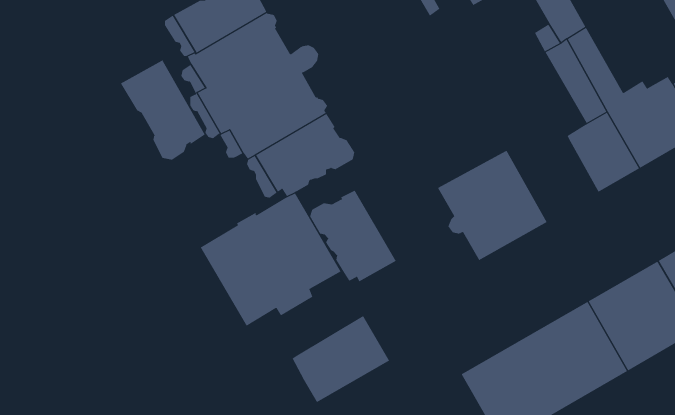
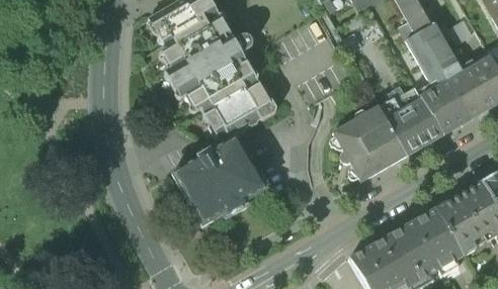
building: [120,59,206,160] -> none
building: none -> [380,98,441,155]
building: [309,190,396,282] -> none
building: [292,315,390,403] -> none

